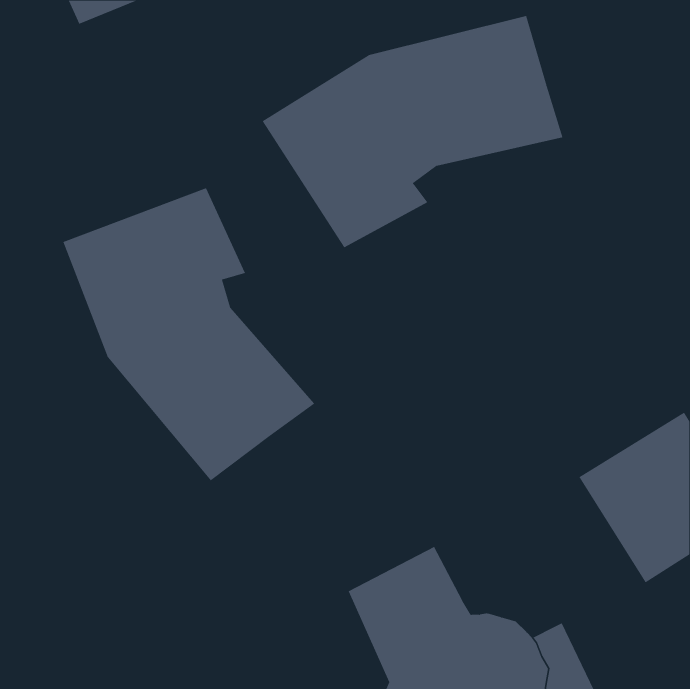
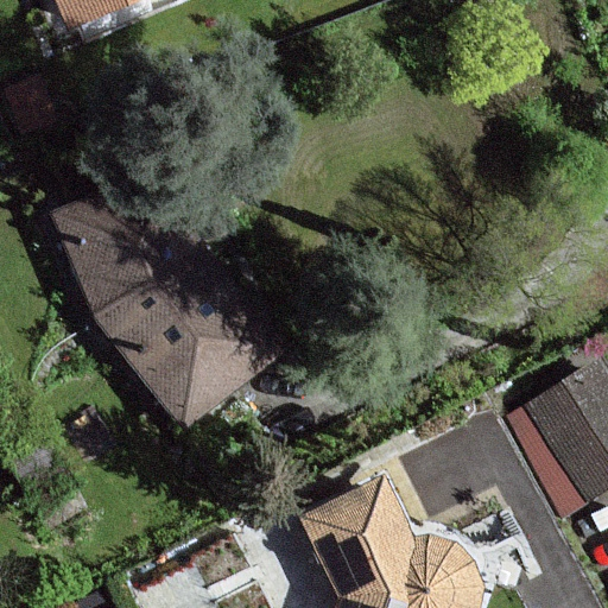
building: [262,15,563,248] -> none

